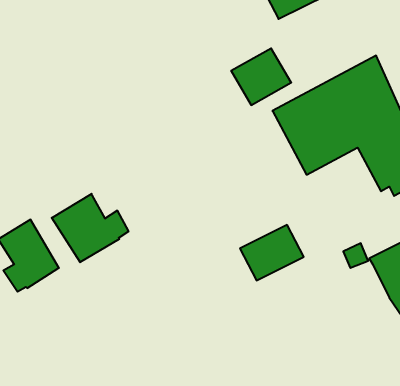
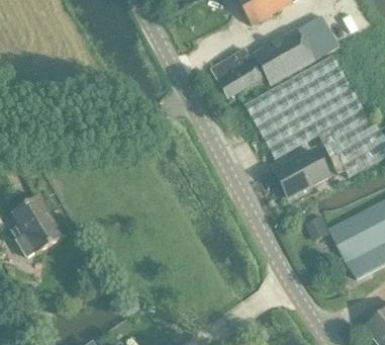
building: none -> [254,16,340,84]
building: [52,194,128,262] -> none
building: [240,225,304,280] -> [273,150,327,197]

